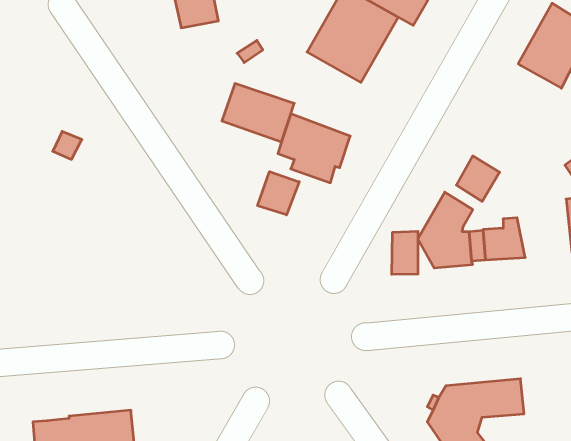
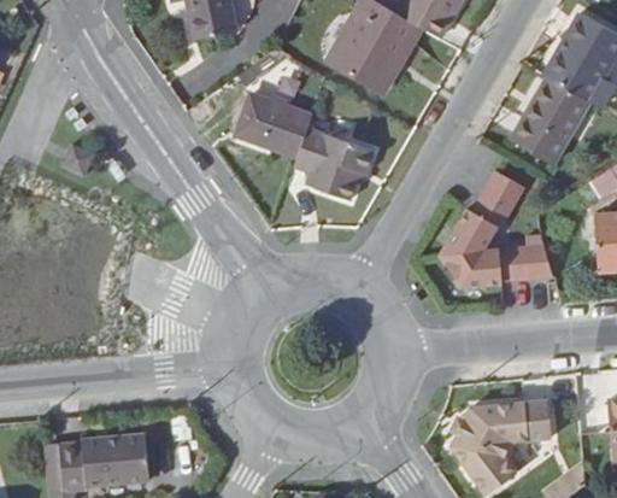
building: none -> [513,78,589,163]
building: [258,172,299,215] -> none
building: [392,231,418,274] -> none

